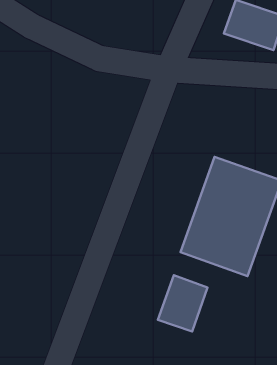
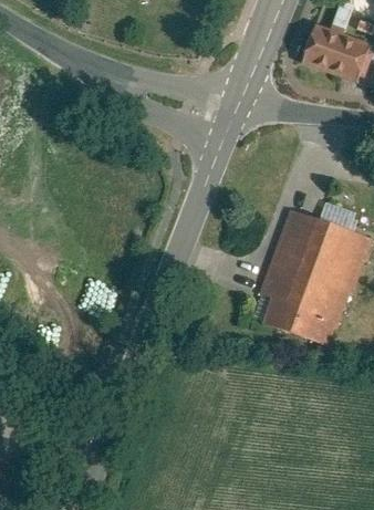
building: [158,275,208,331] -> none

